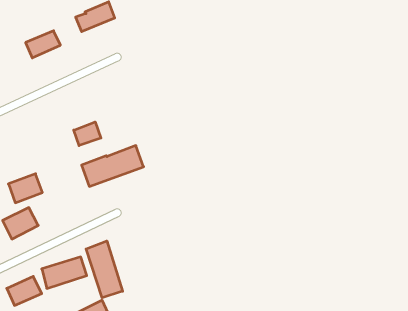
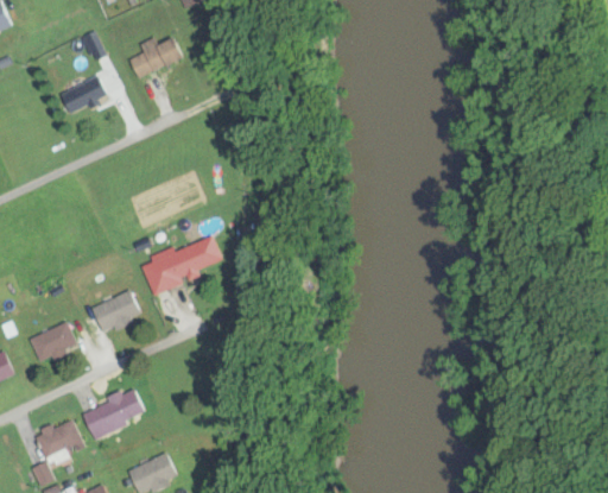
building: [74,122,101,146] -> none
building: [8,174,42,203] -> [93,291,140,331]
building: [86,241,123,298] -> none

